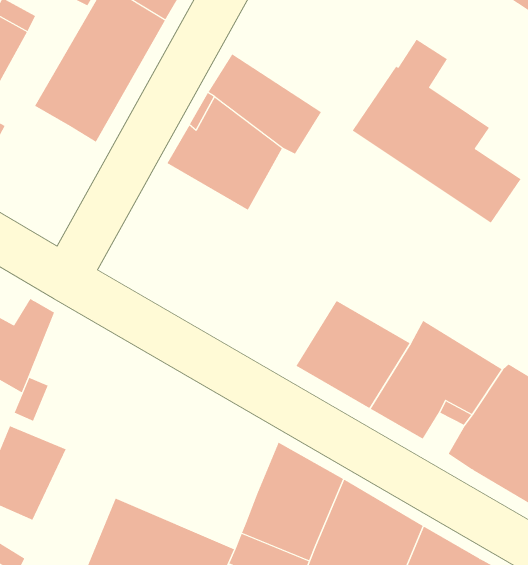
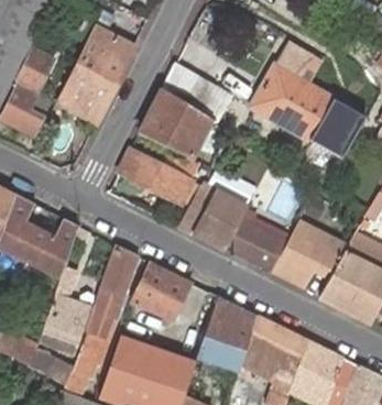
building: none -> [120,150,199,202]
building: none -> [178,185,247,249]
building: none -> [77,245,138,362]
building: none -> [133,262,190,318]

